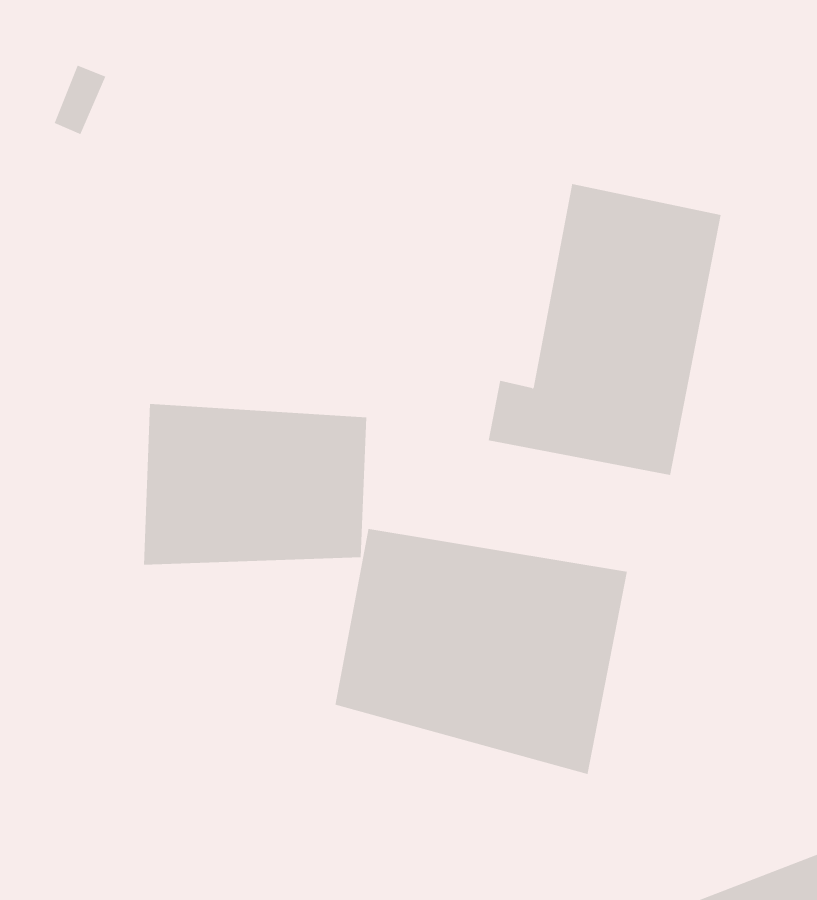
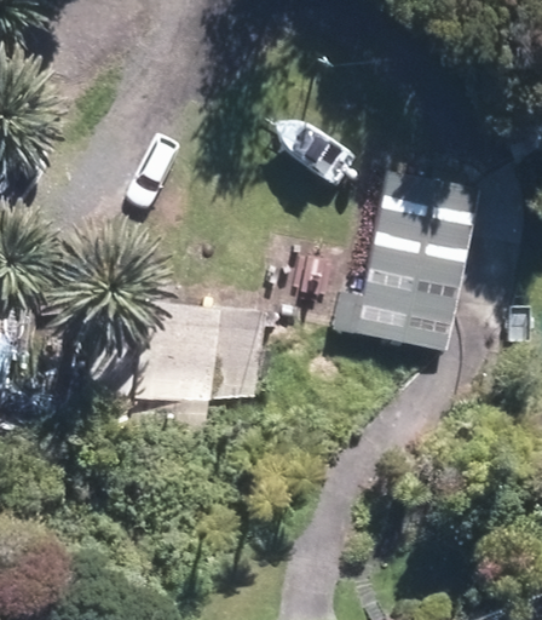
building: [335,528,628,775] -> none

